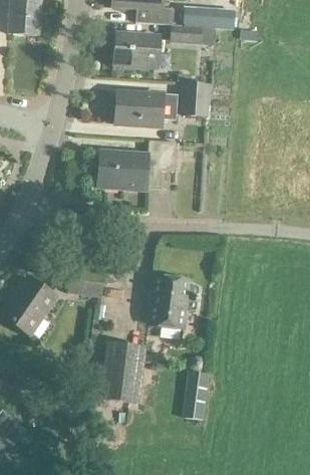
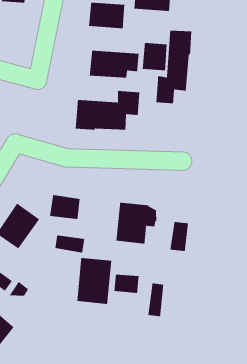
building: none -> [156,30,192,104]
building: none -> [170,221,189,252]
building: none -> [54,234,85,254]
building: none -> [114,274,140,294]

